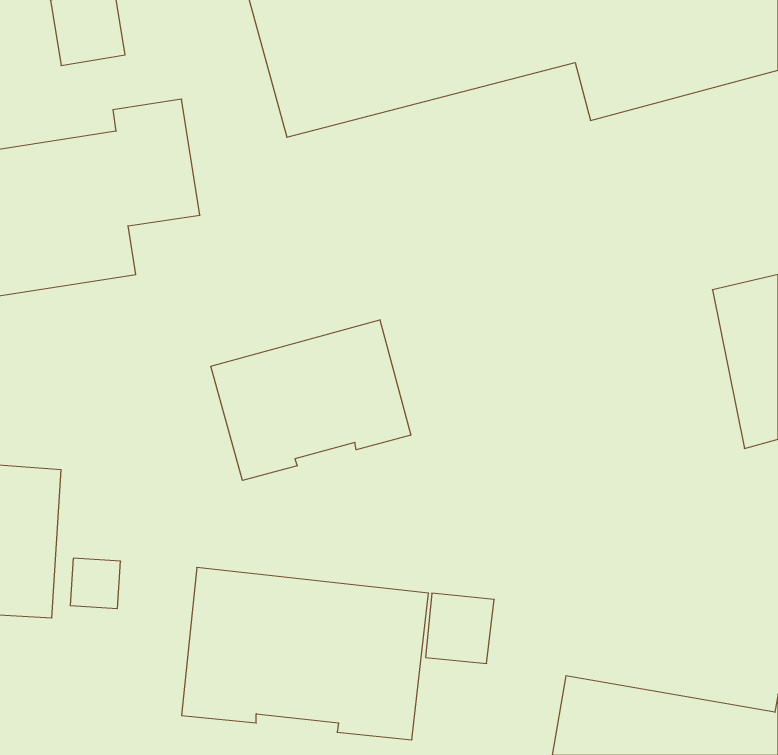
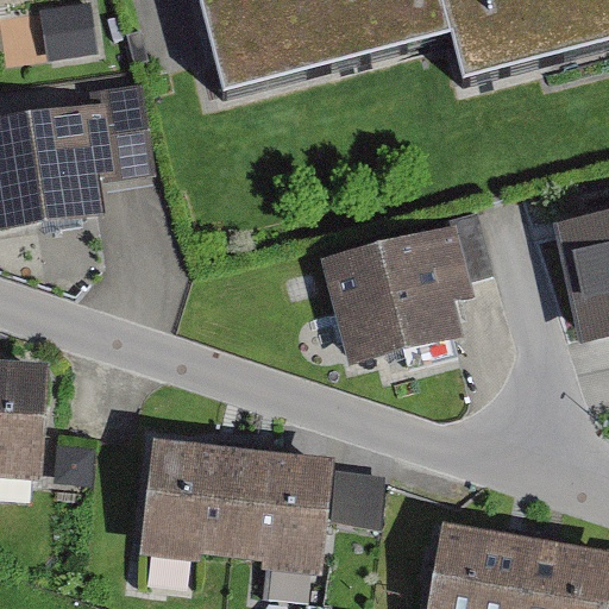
building: none -> [318,202,495,365]
building: [211,320,411,480] -> none

